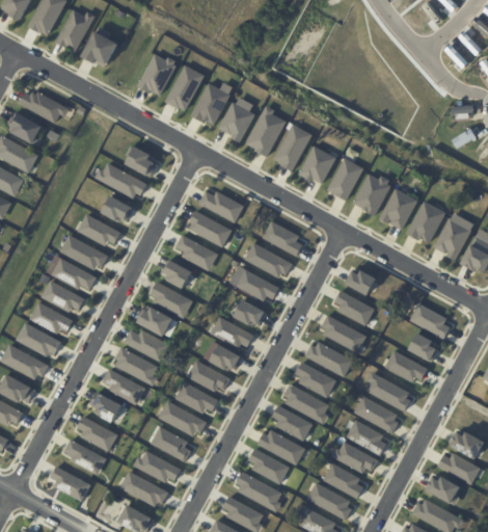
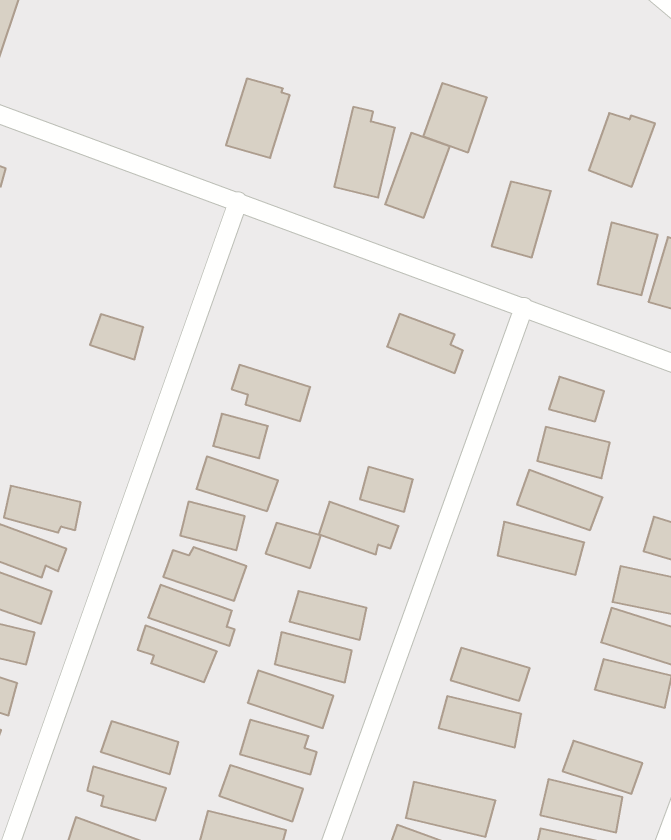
building: [85,32,124,71] -> none
building: [138,52,175,96] -> none
building: [166,64,201,111] -> none
building: [218,102,253,140] -> none
building: [298,145,335,185] -> [423,83,487,152]
building: [123,147,160,177] -> none
building: [97,162,146,200] -> none
building: [352,174,391,215] -> [589,113,655,187]
building: [198,191,243,222] -> none
building: [186,212,231,245] -> none
building: [78,214,120,247] -> none
building: [60,235,109,270] -> none
building: [244,244,292,278] -> none
building: [52,257,97,289] -> none
building: [236,270,279,302] -> none
building: [210,345,241,372] -> [266,523,321,568]
building: [295,362,335,397] -> none
building: [281,384,330,423] -> none
building: [90,391,123,422] -> none
building: [332,441,378,472] -> none
building: [245,448,289,483] -> none

